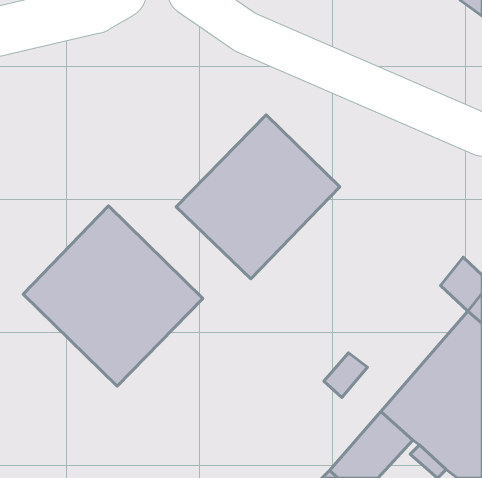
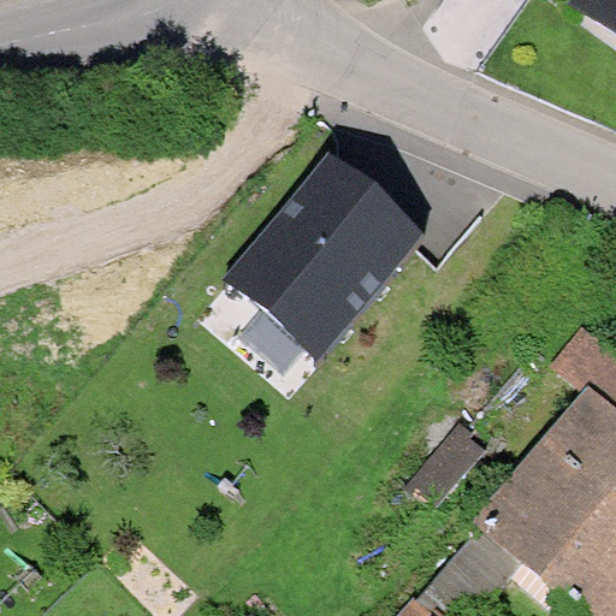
building: [23,206,203,386] -> none

